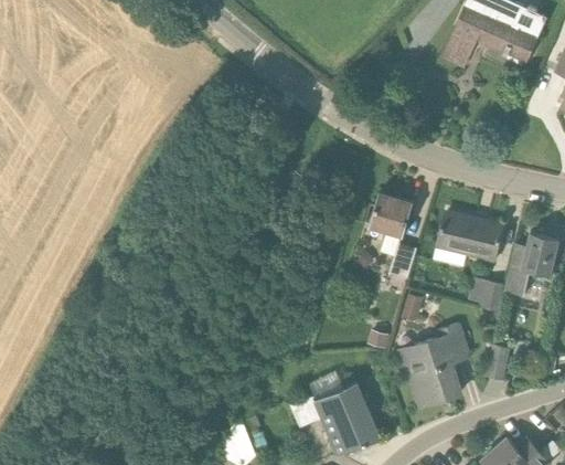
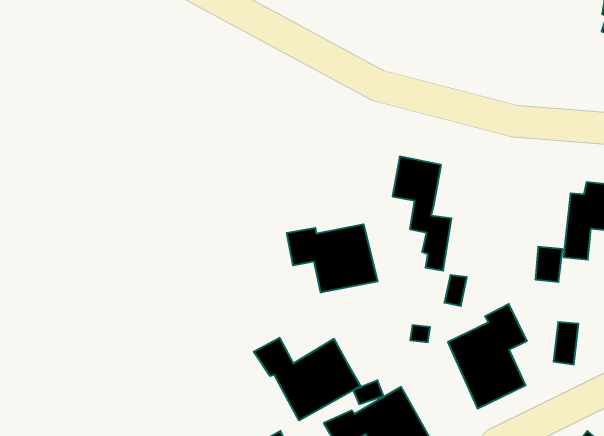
building: [435,212,501,260] -> none
building: none -> [287,224,377,293]
building: none -> [254,338,360,420]

